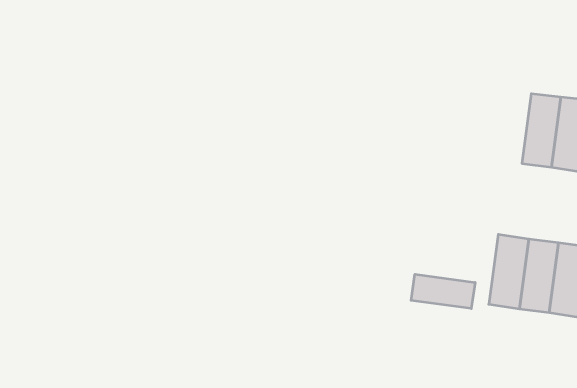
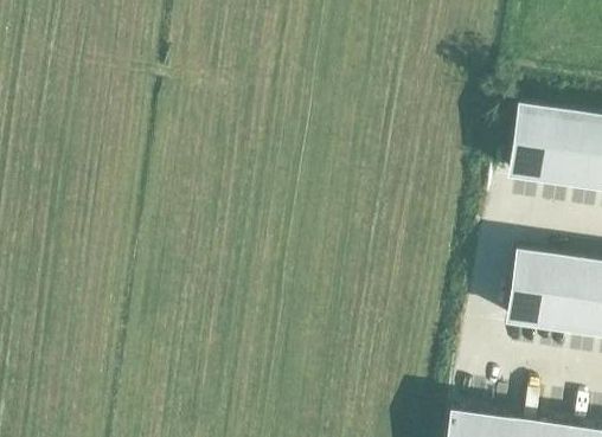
building: none -> [511,104,551,179]
building: [411,274,475,309] -> none

